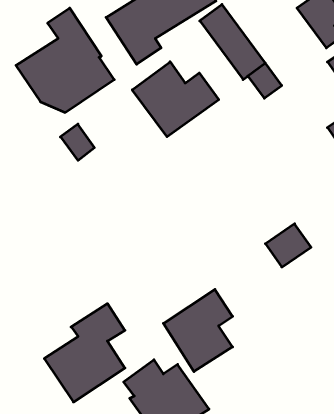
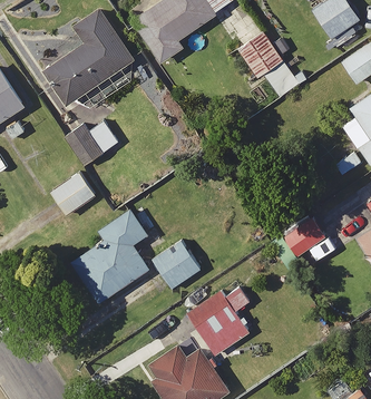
building: [132,62,219,137] -> none
building: none -> [50,171,97,216]
building: none -> [152,241,201,290]
building: [44,304,125,402] -> [71,208,148,302]

